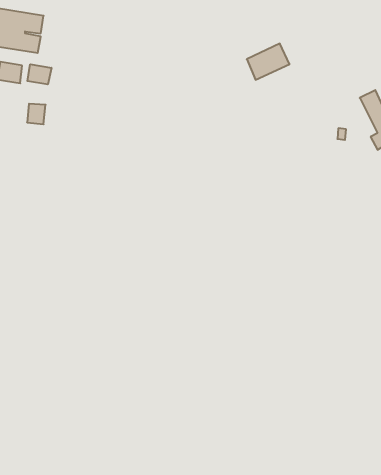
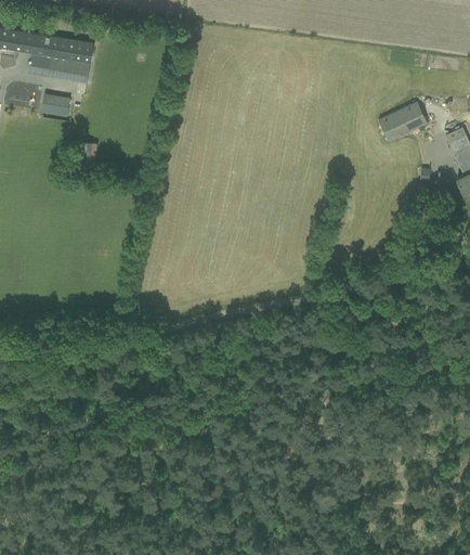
building: [247,44,290,80] -> [380,102,428,142]
building: [27,64,51,84] -> none

